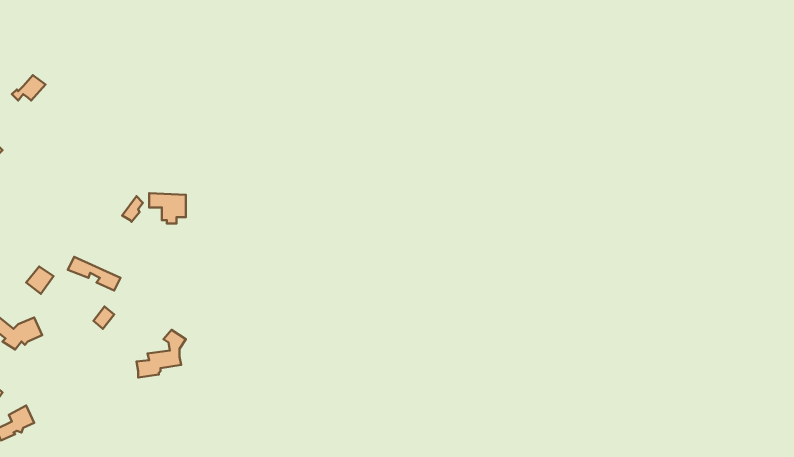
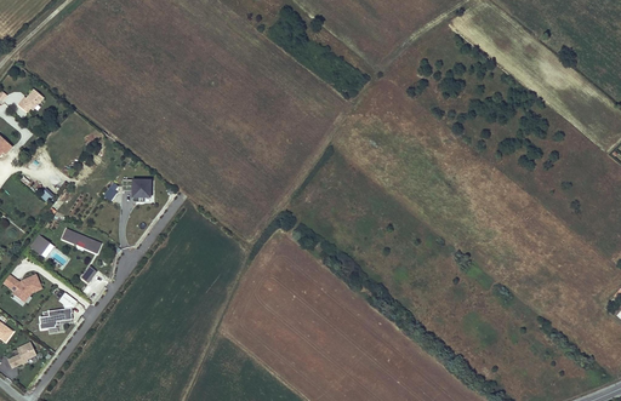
building: [136,330,186,378] -> [38,292,75,328]

